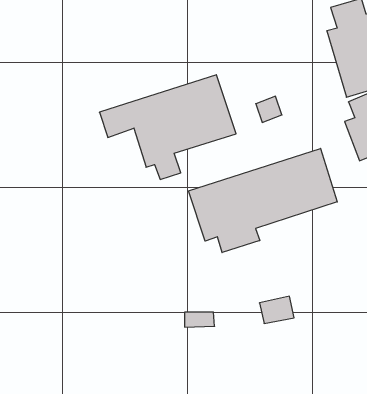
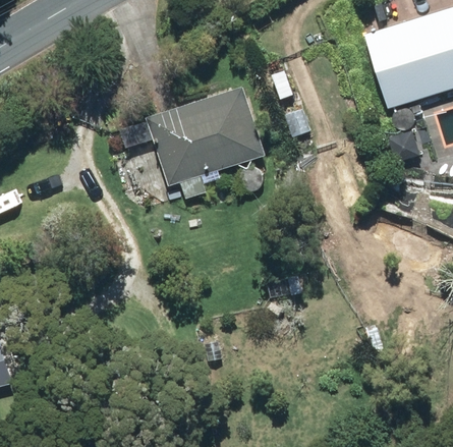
building: [188,148,337,253] -> none

